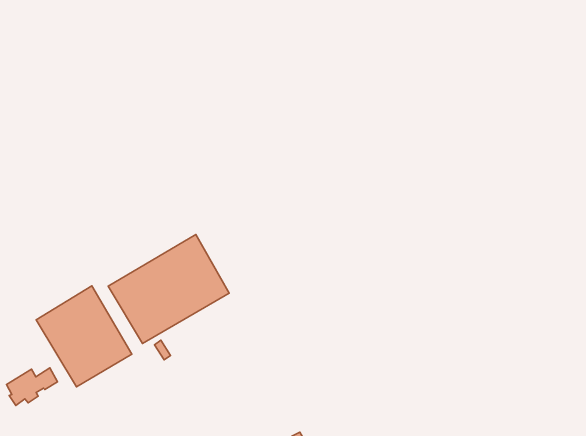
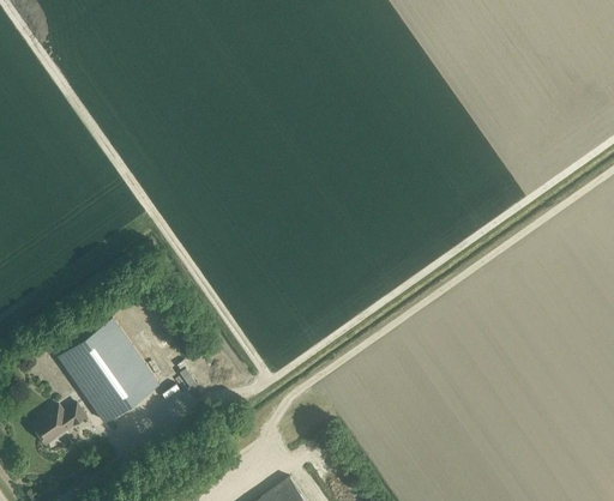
building: [108,234,229,344] -> none

